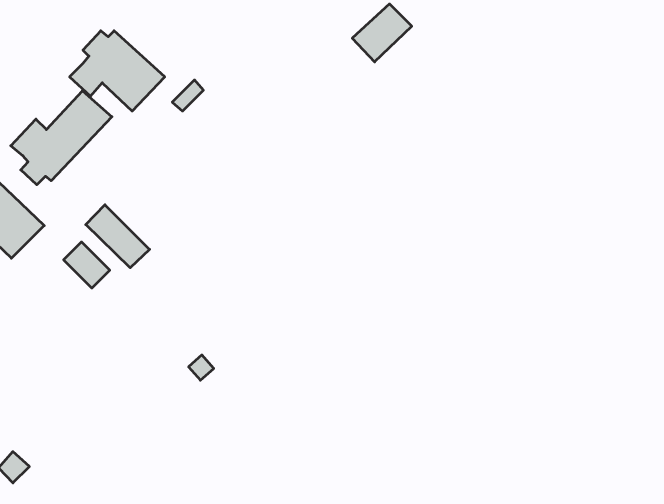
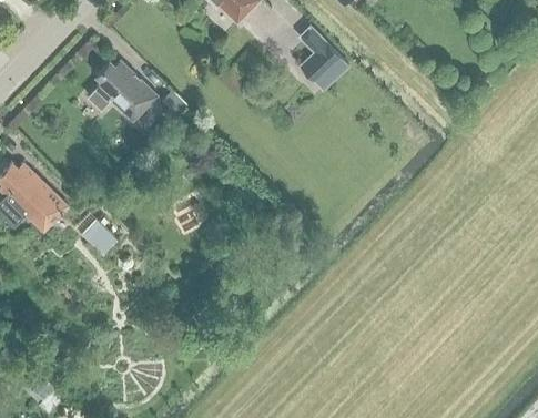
building: [11,91,112,185] -> none
building: [86,205,150,268] -> none

